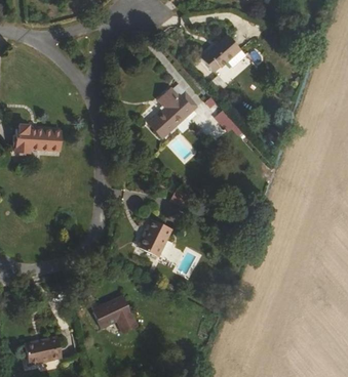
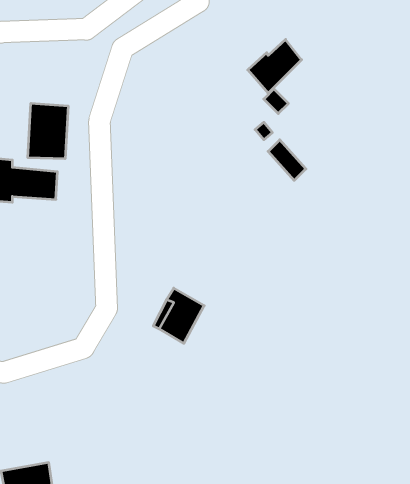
building: none -> [28,103,68,159]
building: [152,86,197,136] -> none
building: [91,293,137,330] -> none

